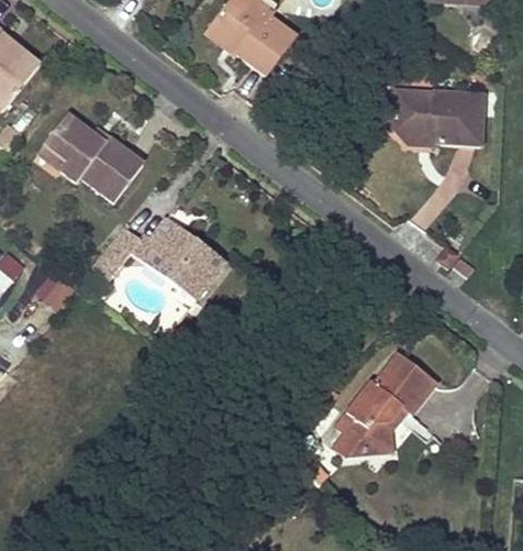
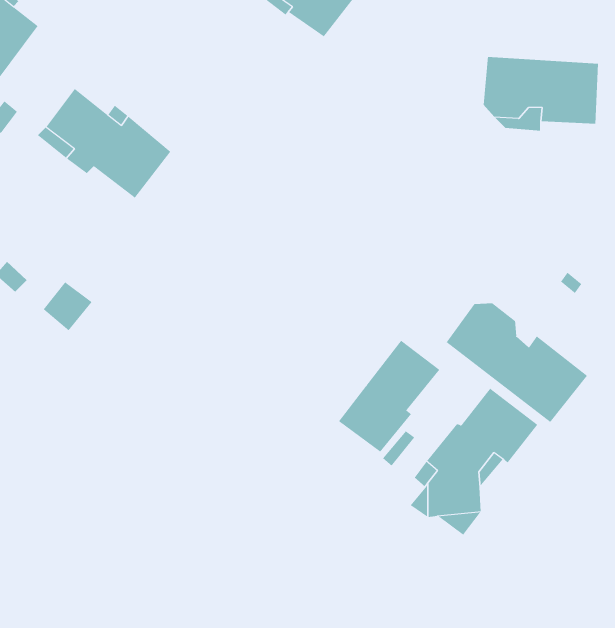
building: [91,218,224,300] -> none
building: none -> [446,303,588,423]
building: none -> [338,340,440,453]

